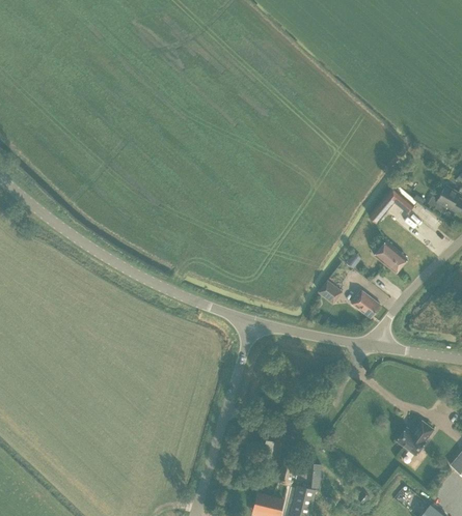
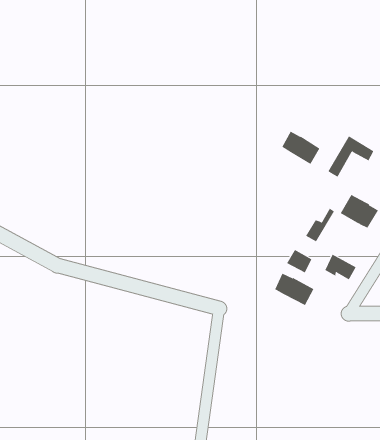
building: none -> [282,131,320,165]
building: none -> [275,273,314,306]

